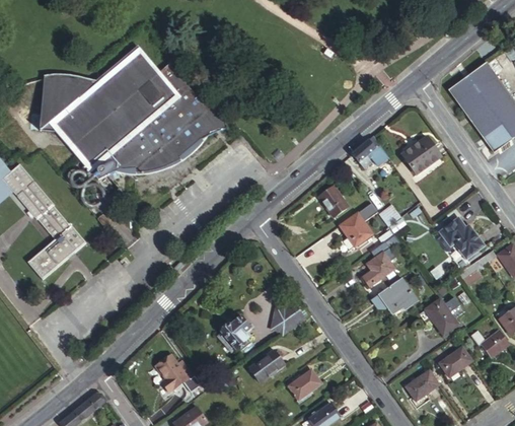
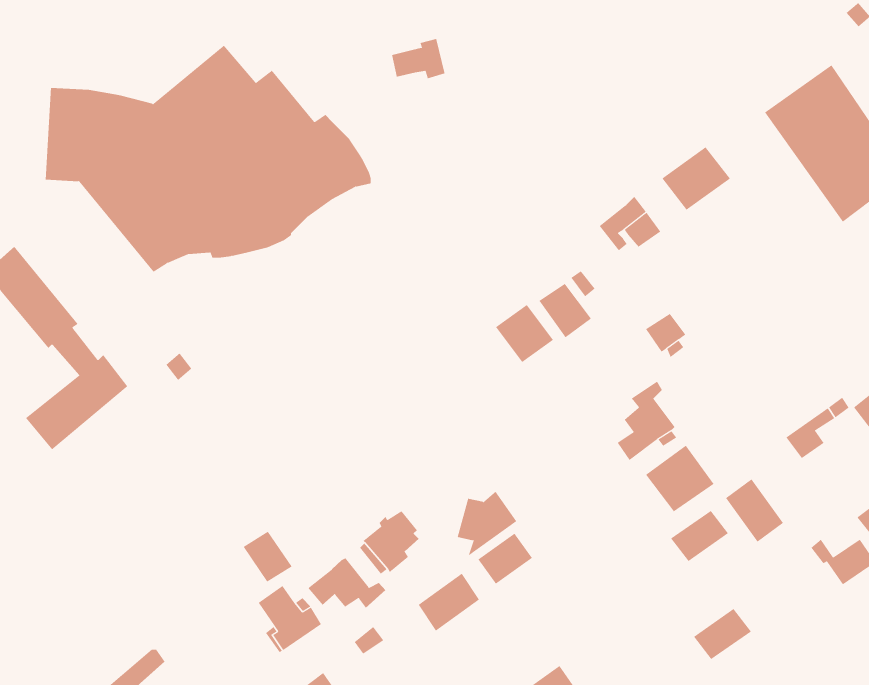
building: none -> [391,38,445,79]
building: [402,134,442,170] -> [661,147,731,211]
building: [340,211,373,244] -> [495,304,554,363]
building: [442,218,484,256] -> none
building: none -> [243,531,292,583]
building: none -> [307,557,386,608]
building: [440,347,473,376] -> [670,510,729,562]
building: [290,370,321,400] -> [478,533,533,584]

